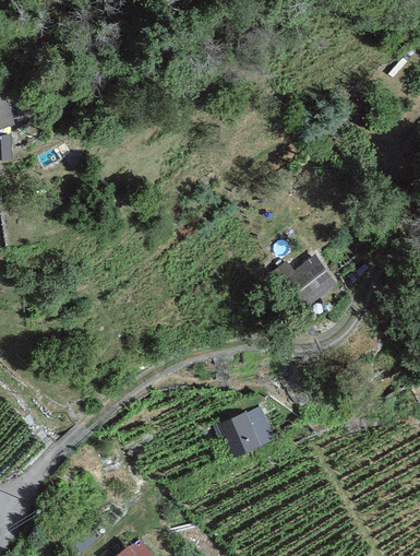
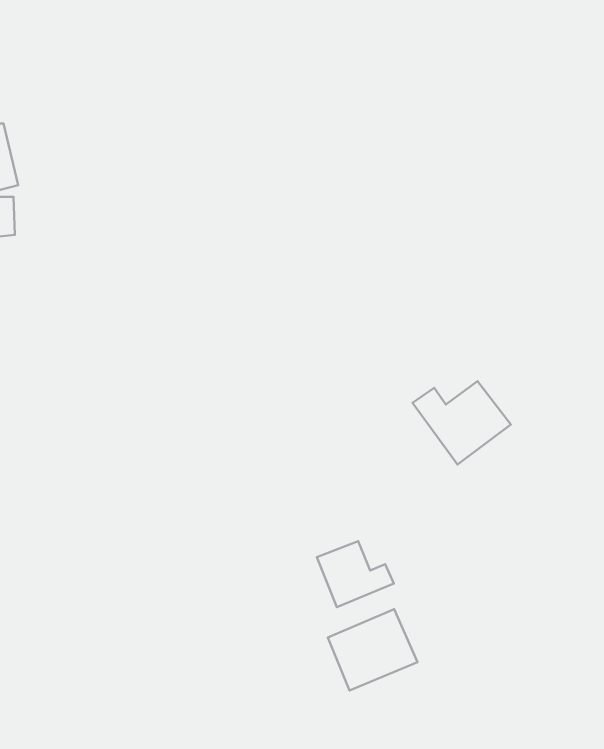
building: none -> [317,541,394,607]

